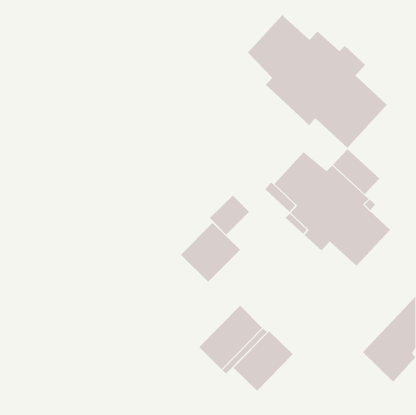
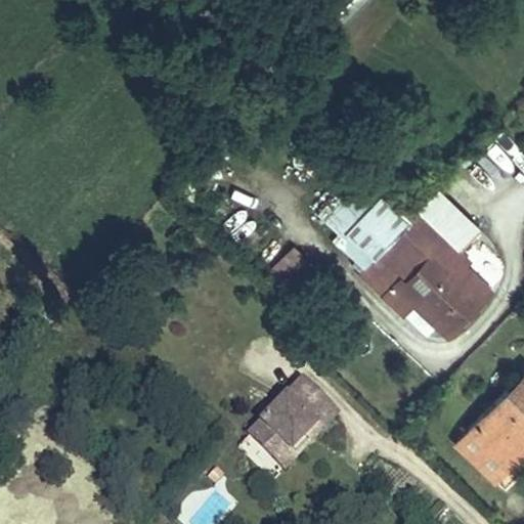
building: [247,14,387,148] -> none
building: [180,222,241,283] -> none
building: [233,331,294,391] -> none

